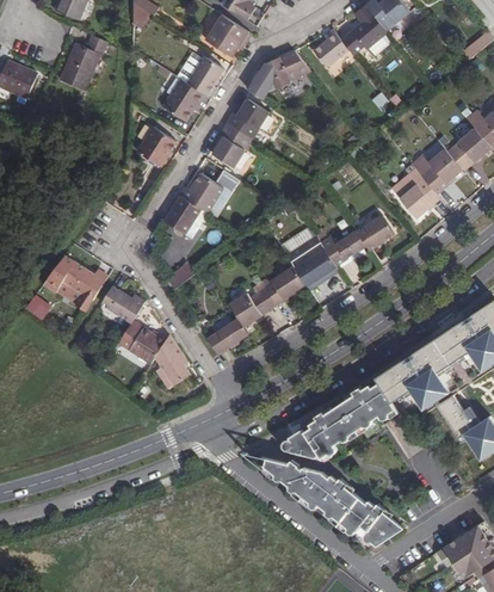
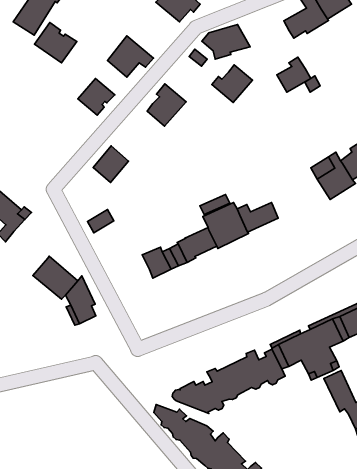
building: [311,29,347,67] -> [277,57,311,92]
building: [186,56,223,98] -> none
building: none -> [34,23,77,63]
building: [226,99,267,138] -> [212,65,252,103]
building: [179,173,222,212] -> none
building: [356,215,393,251] -> none
building: [101,286,143,322] -> none
building: [206,319,247,353] -> none

